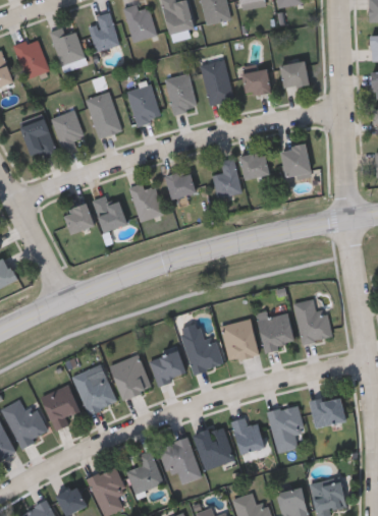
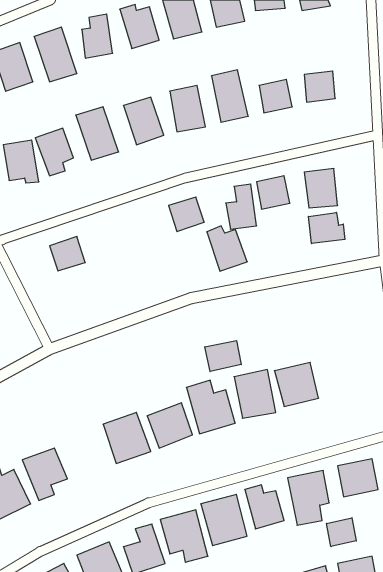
building: none -> [308,212,345,244]
building: [129,183,164,222] -> [207,226,247,271]
building: [93,196,127,232] -> none
building: none -> [205,341,241,372]
building: [292,297,331,342] -> none
building: [72,368,116,413] -> none
building: none -> [327,518,356,547]

